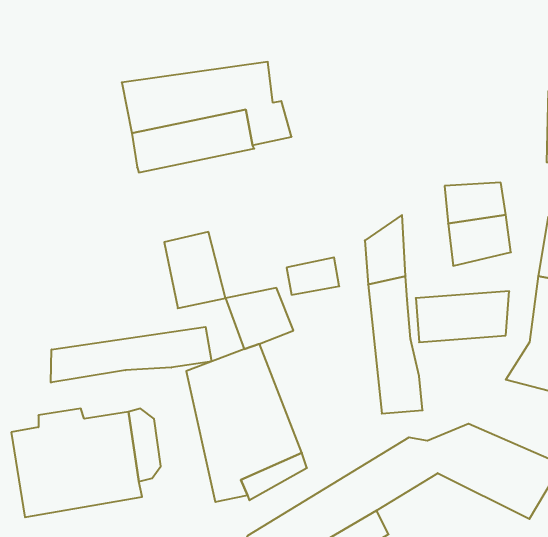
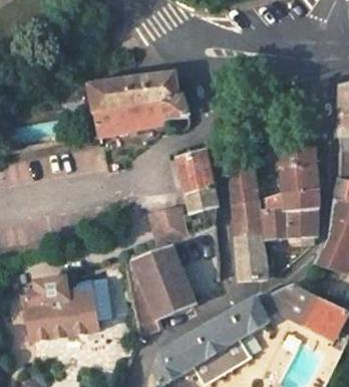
building: [164,232,225,308] -> [178,149,214,194]
building: none -> [256,185,318,213]
building: [51,327,212,383] -> none

